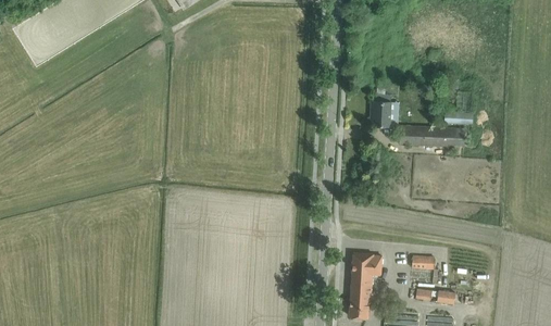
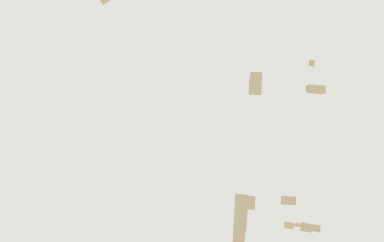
building: [399,126,465,148] -> none

